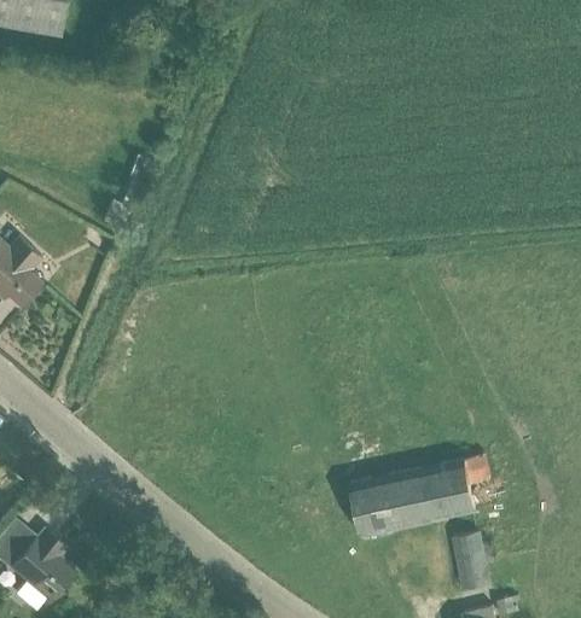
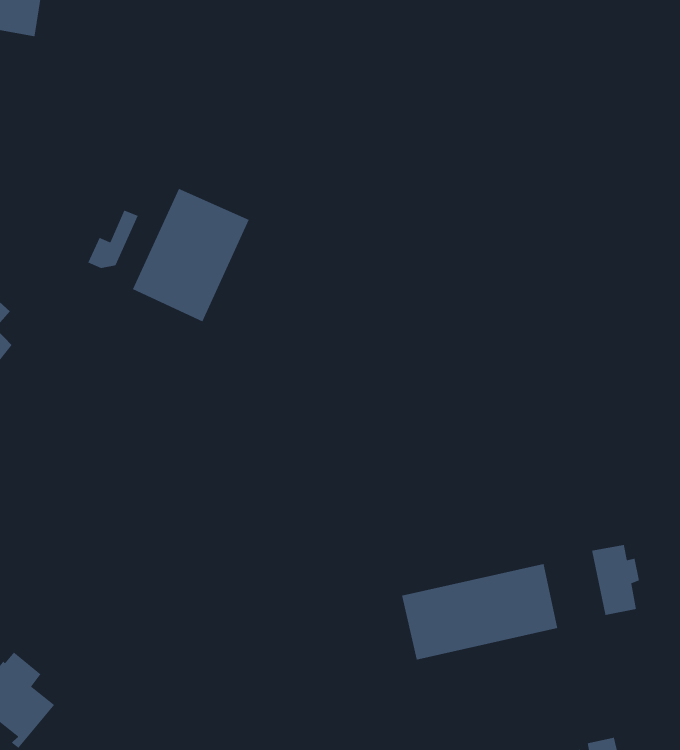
building: none -> [132,188,250,322]
building: [453,530,492,587] -> [591,544,640,616]

